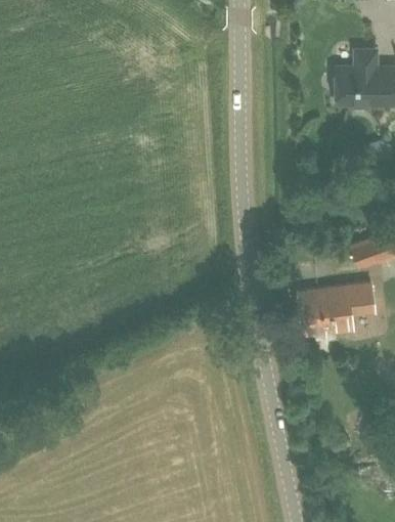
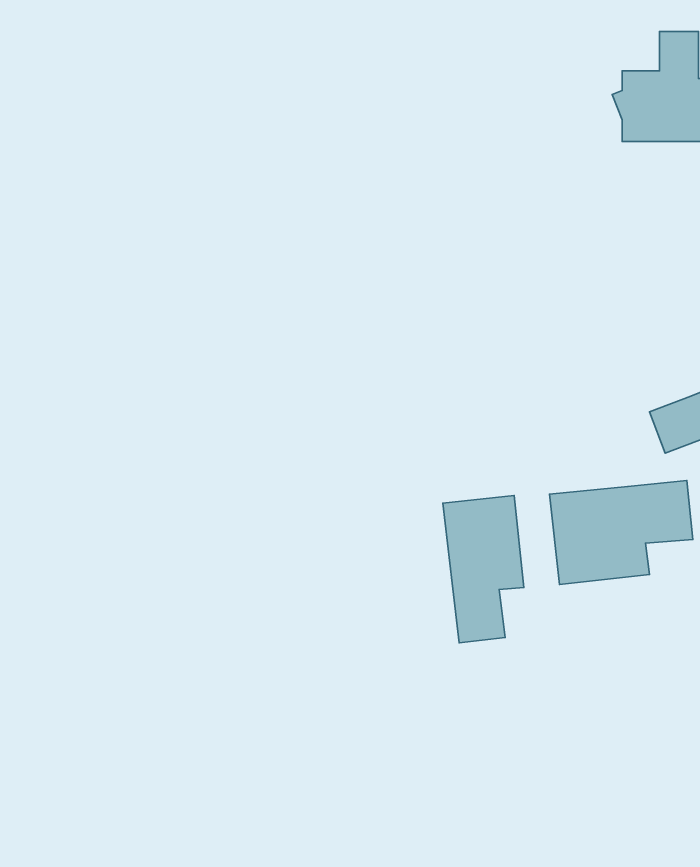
building: none -> [443,496,524,643]

